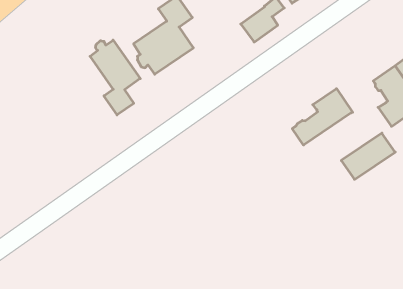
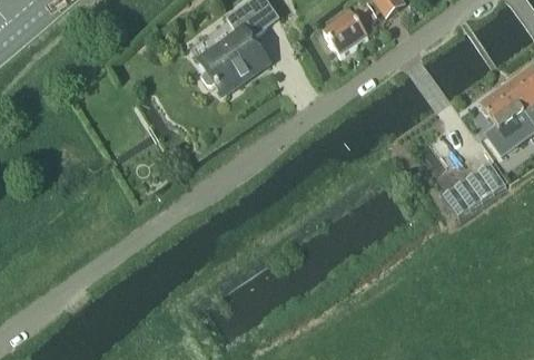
building: [90,40,140,115] -> none
building: [292,89,353,145] -> none

